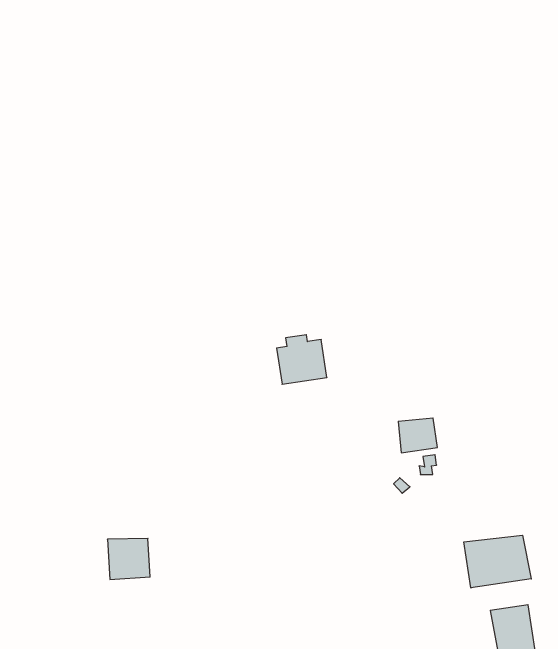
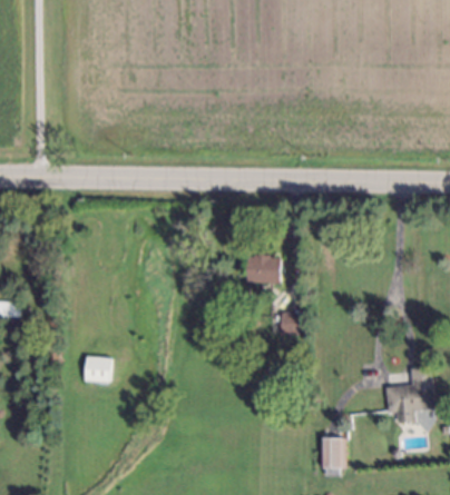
building: [277,335,327,384] -> [248,254,277,283]
building: [464,535,531,588] -> none

